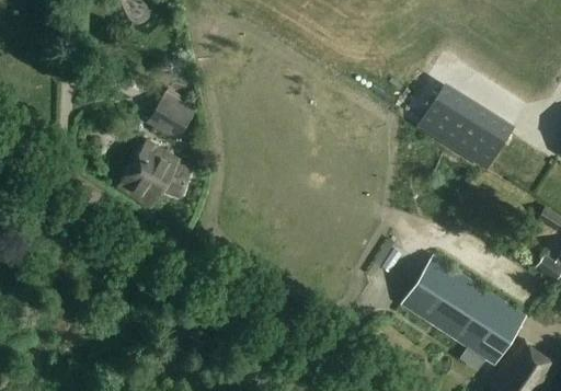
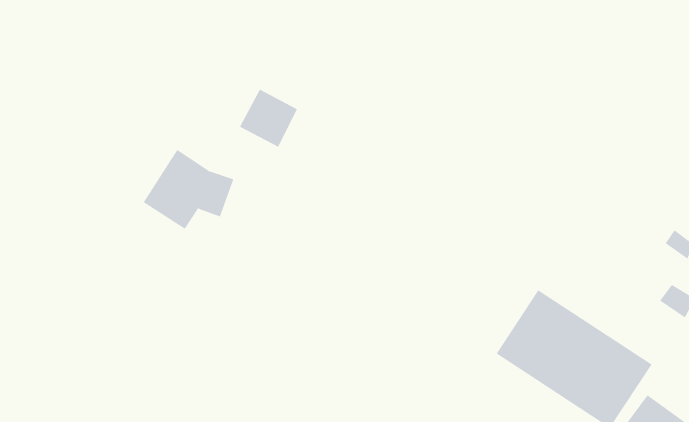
building: [419,90,510,168] -> none
building: [147,92,194,139] -> [239,89,298,147]

